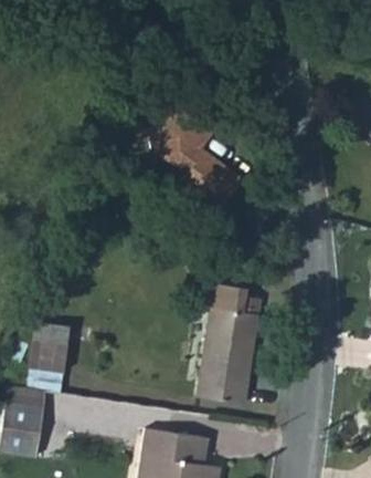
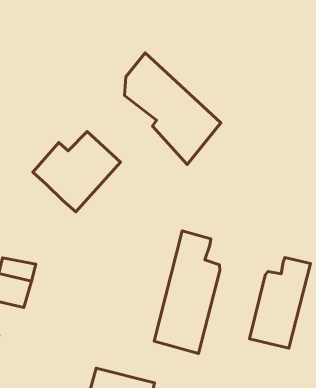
building: none -> [33,131,120,212]
building: none -> [249,257,310,348]

